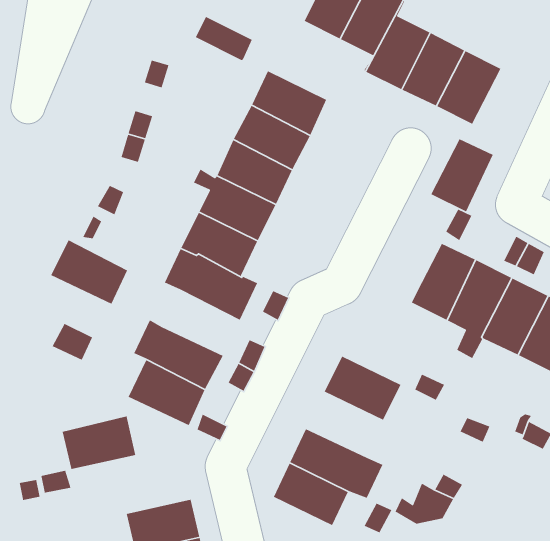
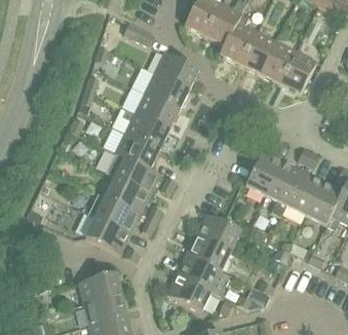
building: [430,138,494,213] -> [279,51,315,94]
building: [50,239,128,305] -> [104,177,148,214]
building: none -> [185,234,229,271]
building: [60,415,136,470] -> [77,272,120,303]

